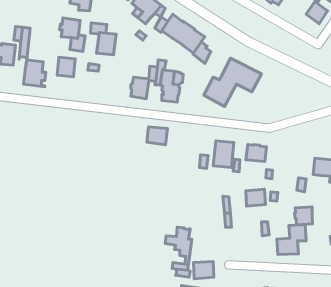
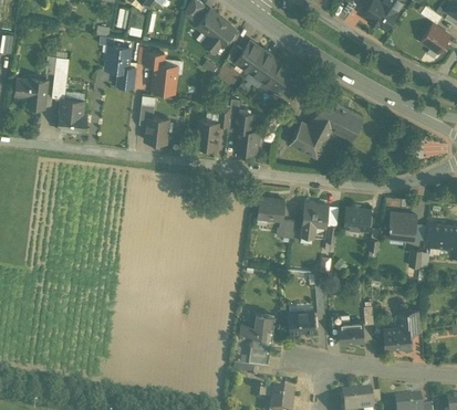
building: [57,57,75,77] -> [145,117,168,143]
building: [147,127,167,145] -> [258,198,284,221]
building: none -> [388,213,417,240]
building: [246,189,266,206] -> [339,322,364,344]
building: [295,207,313,225] -> none
building: [193,262,214,279] -> [289,312,315,334]

